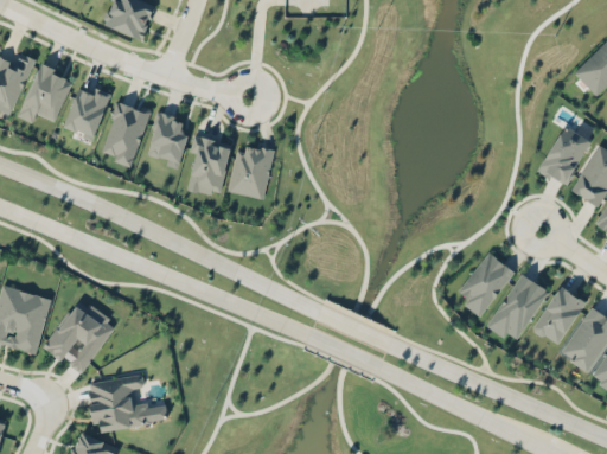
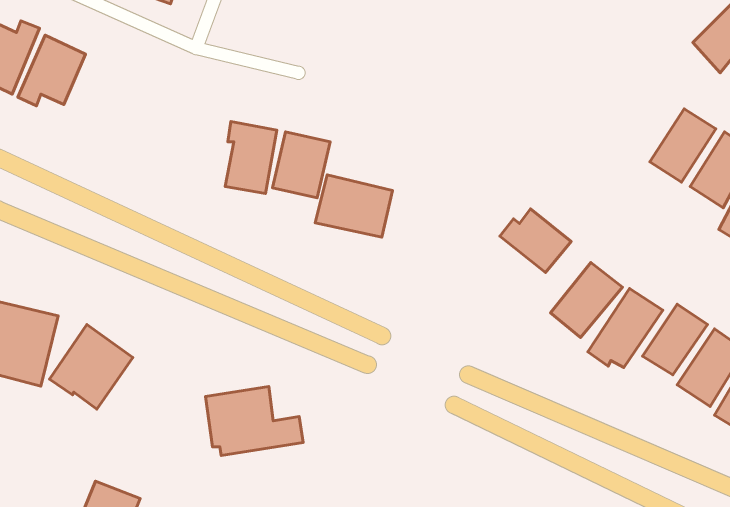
building: [65,88,110,138] -> none
building: [102,101,151,166] -> none
building: [147,111,189,168] -> none
building: none -> [315,175,392,237]
building: none -> [500,209,571,273]
building: [88,373,168,430] -> [205,386,303,455]

